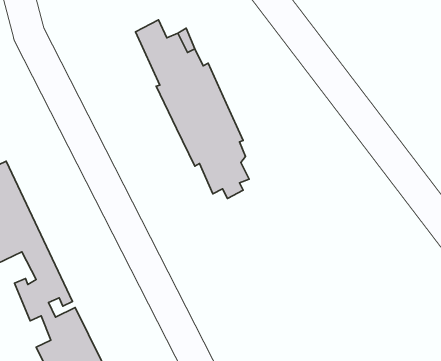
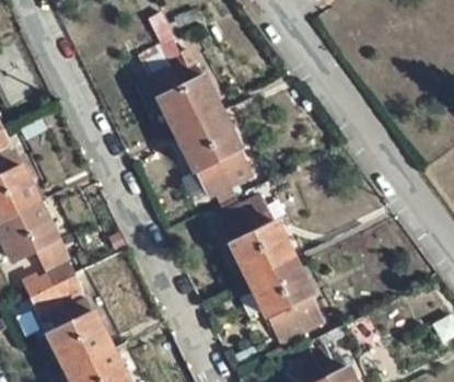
building: none -> [222,198,322,342]

